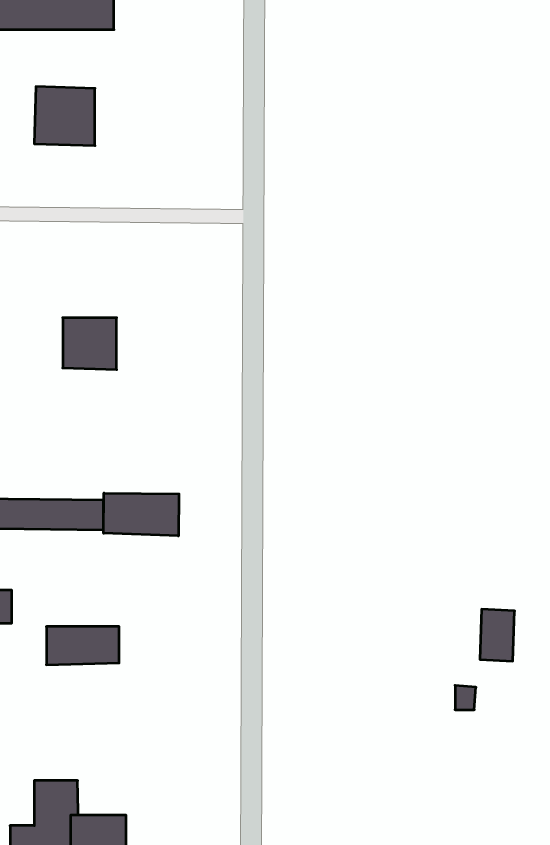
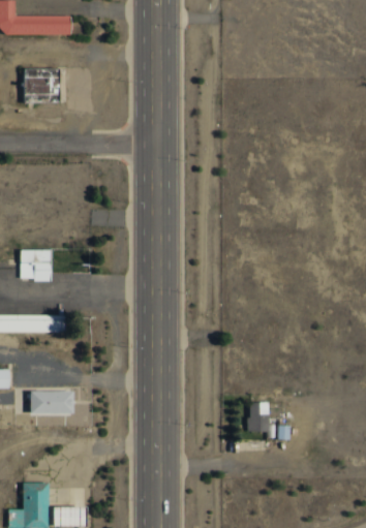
building: [63,318,117,370] -> [21,249,53,280]
building: [104,493,179,536] -> none
building: [480,609,515,661] -> [243,402,264,433]

